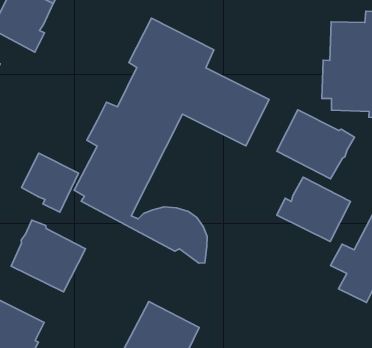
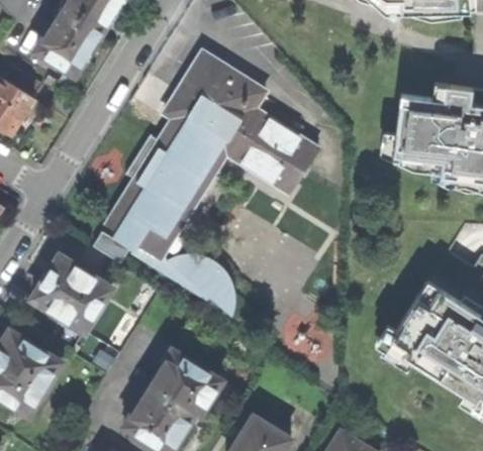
building: [277,110,354,179] -> none
building: [21,153,78,212] -> none
building: [277,177,350,241] -> none

